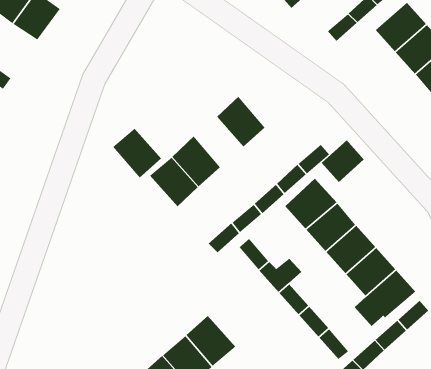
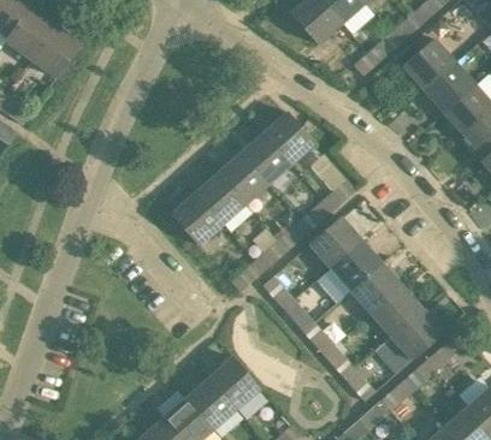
building: none -> [262,112,314,165]
building: [112,128,162,178] -> [217,154,267,206]
building: [321,140,365,183] -> none

